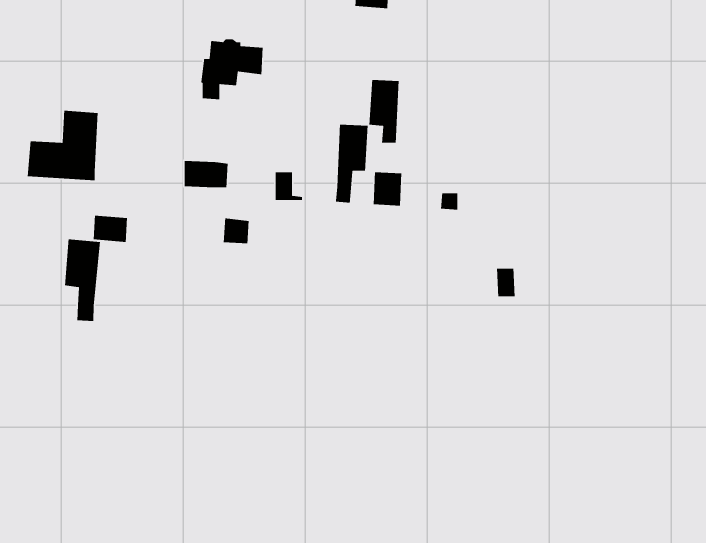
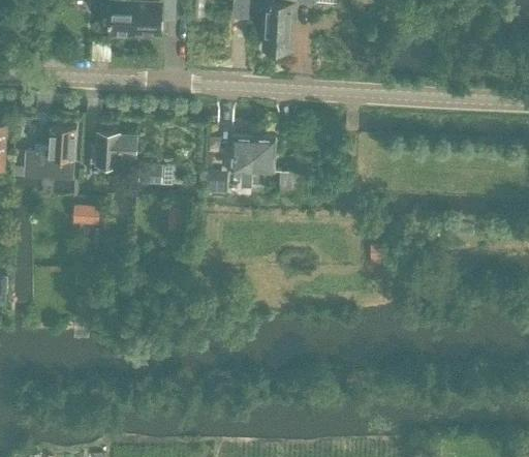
building: [201,39,264,100] -> [90,130,136,176]
building: [369,79,399,143] -> [230,136,253,184]
building: [64,239,101,322] -> none

